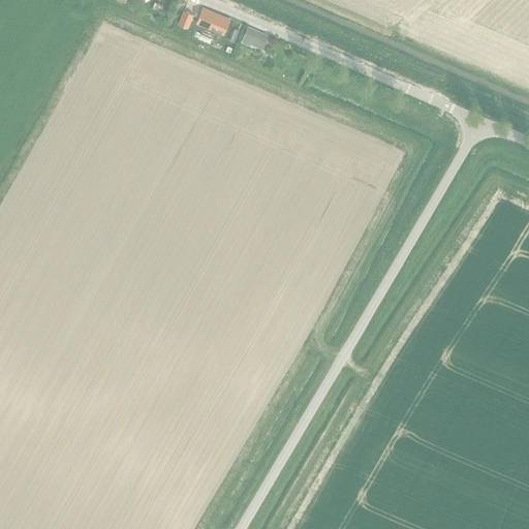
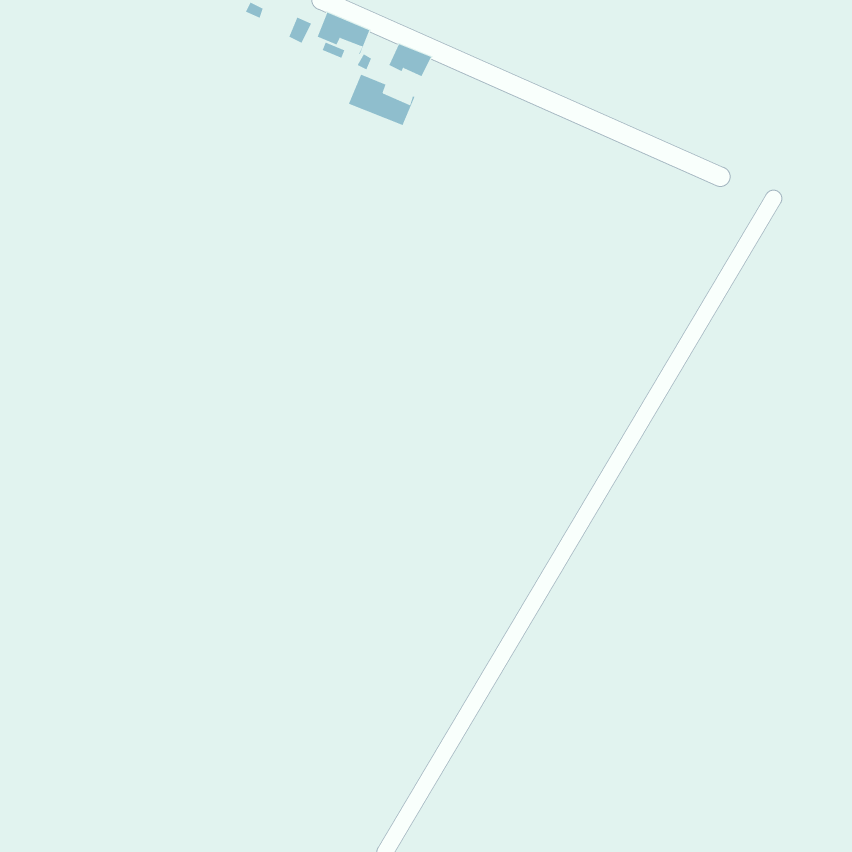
building: none -> [348,74,416,126]

